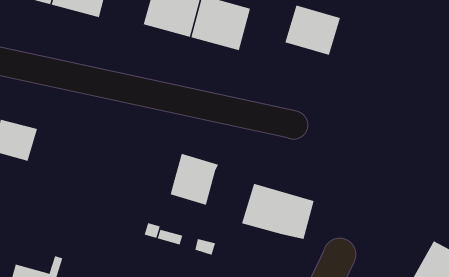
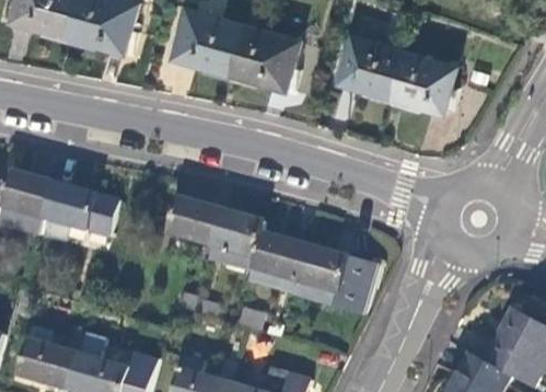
building: none -> [393,51,458,111]
building: none -> [40,181,116,241]
building: none -> [166,197,220,244]
building: none -> [247,230,304,291]

